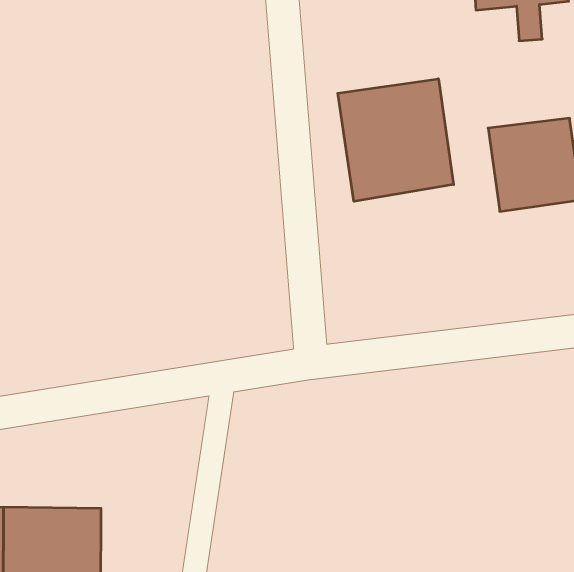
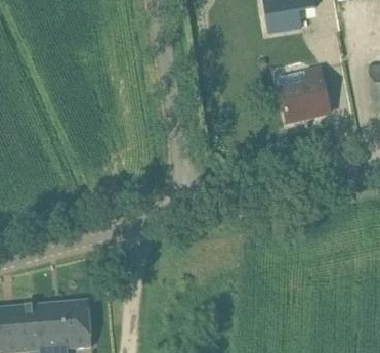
building: [338,79,454,201] -> none

